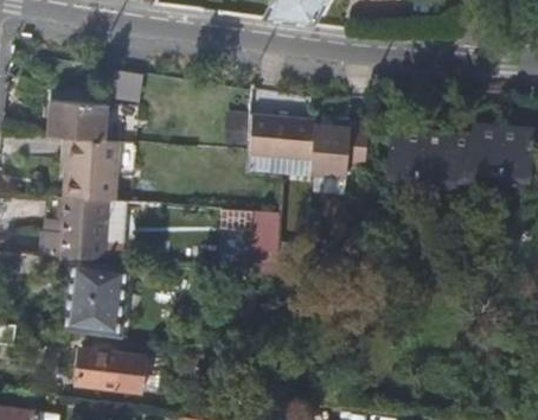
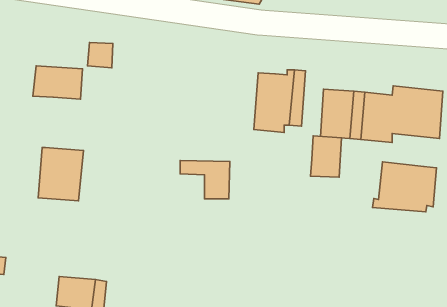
building: [248,97,312,160] -> none
building: [62,138,135,201] -> none
building: none -> [311,136,342,177]
building: none -> [372,162,436,212]
building: [63,259,126,337] -> none

